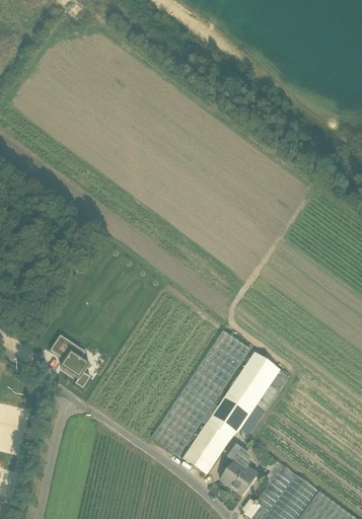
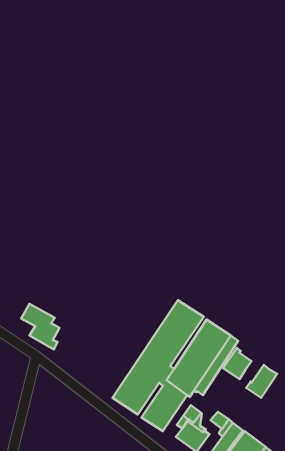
building: none -> [223,348,252,379]
building: none -> [246,365,277,398]

